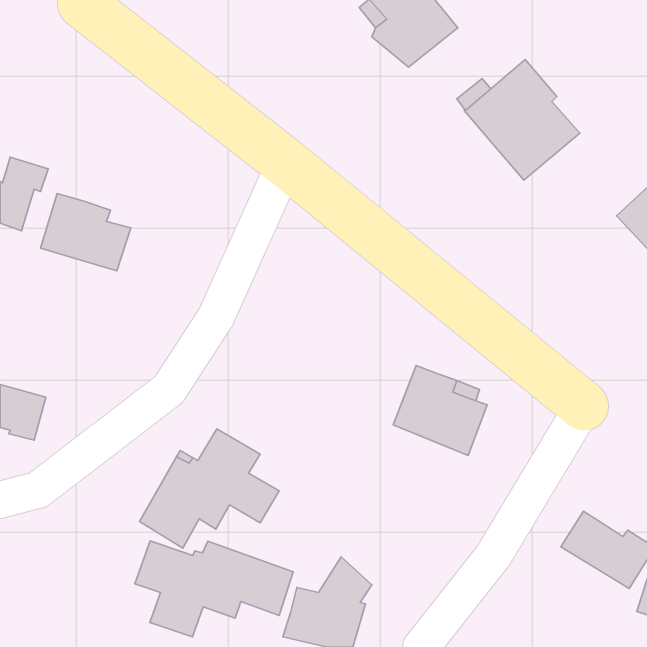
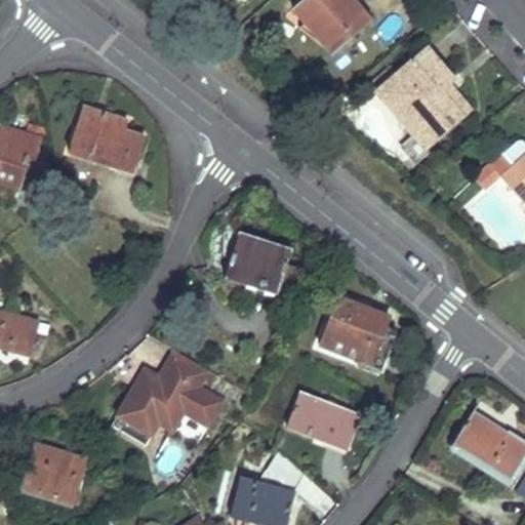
building: [41,194,131,271] -> [71,108,144,170]
building: none -> [225,234,299,298]
building: none -> [288,392,358,447]
building: [135,541,293,637] -> none
building: none -> [21,443,87,504]

